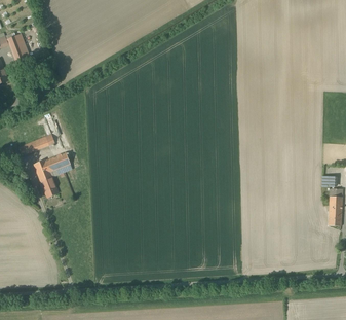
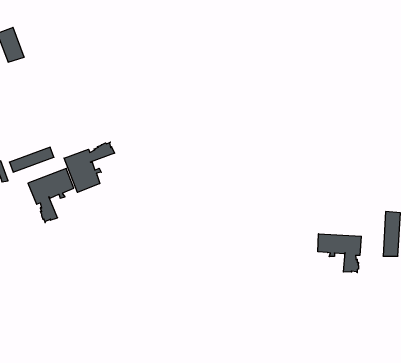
building: none -> [64,142,115,192]
building: none -> [318,234,361,273]

